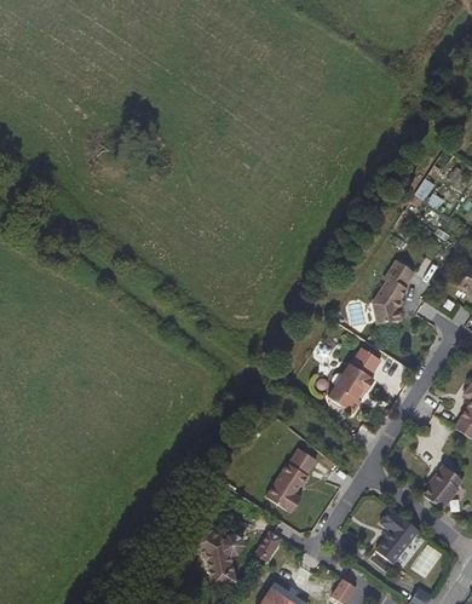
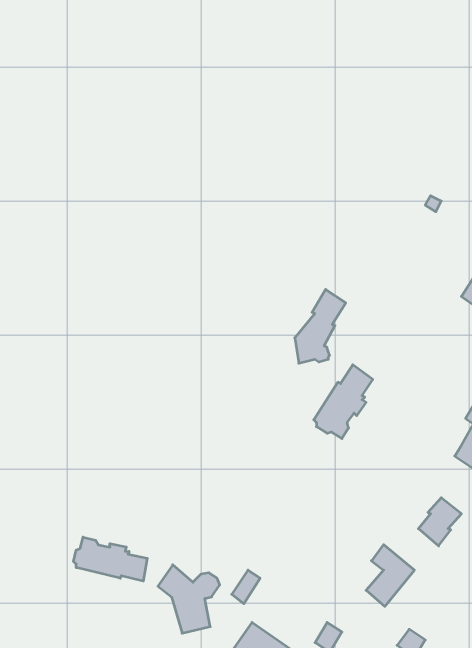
building: [370,259,416,326] -> [295,289,346,363]
building: [265,448,317,512] -> none
building: none -> [73,537,147,581]

